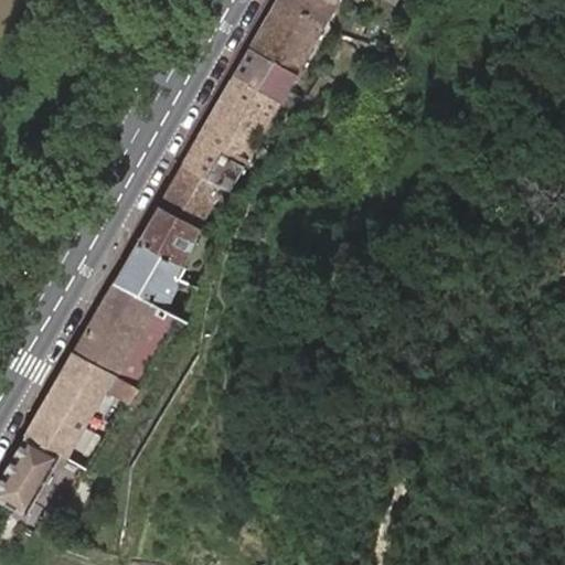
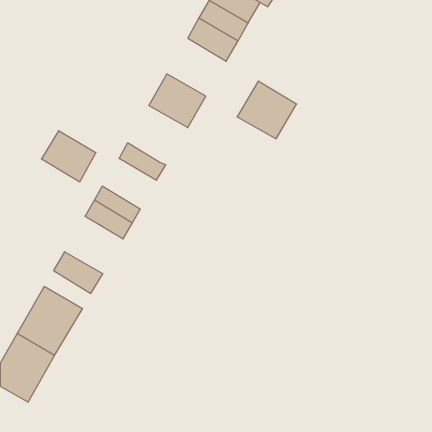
building: [220,50,297,125] -> [237,81,297,139]
building: [169,137,247,211] -> none
building: [136,205,206,271] -> [41,131,96,182]
building: [87,280,163,355] -> none
building: [61,351,121,401] -> none

